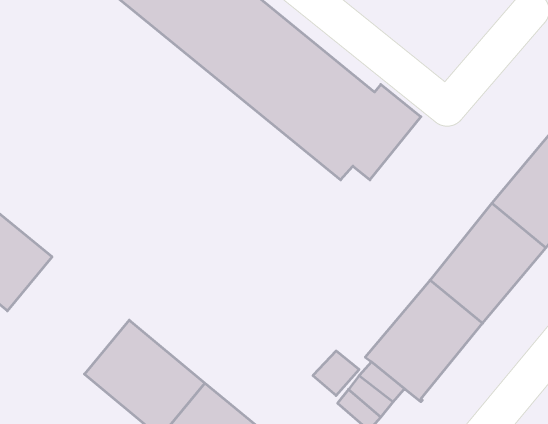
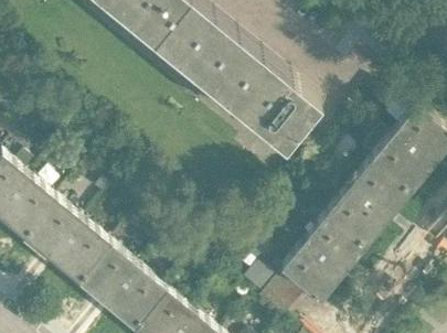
building: none -> [23,198,110,282]

